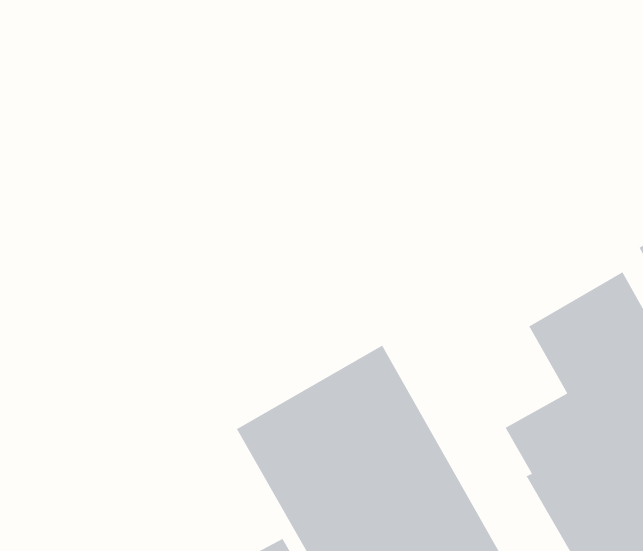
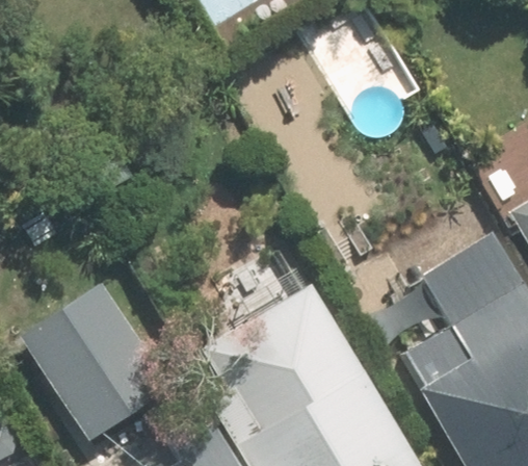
building: none -> [21,284,168,440]

